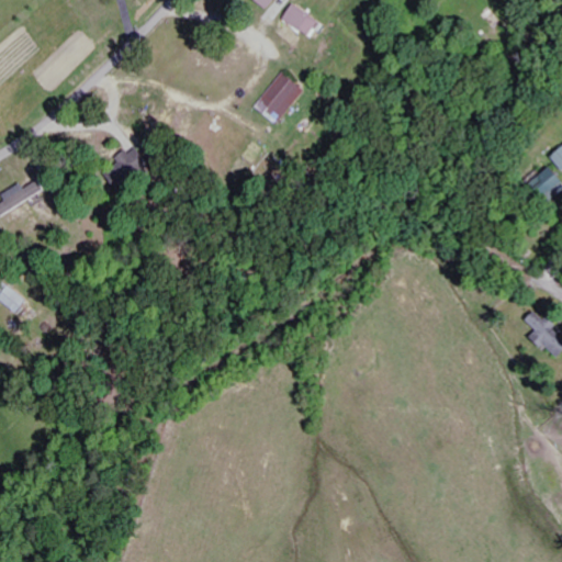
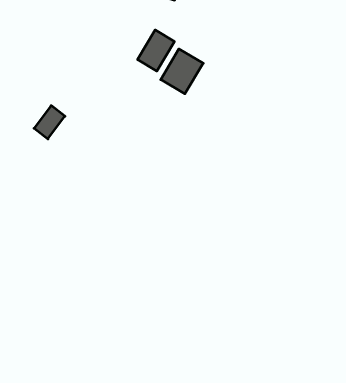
building: none -> [161,49,203,94]

